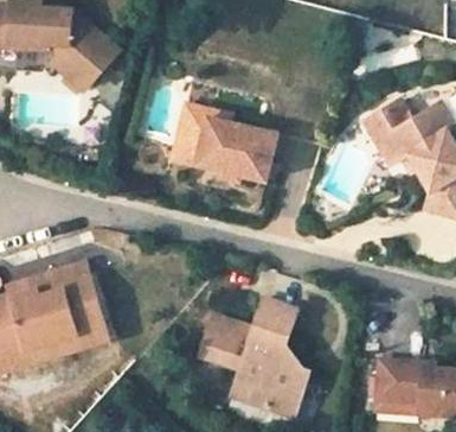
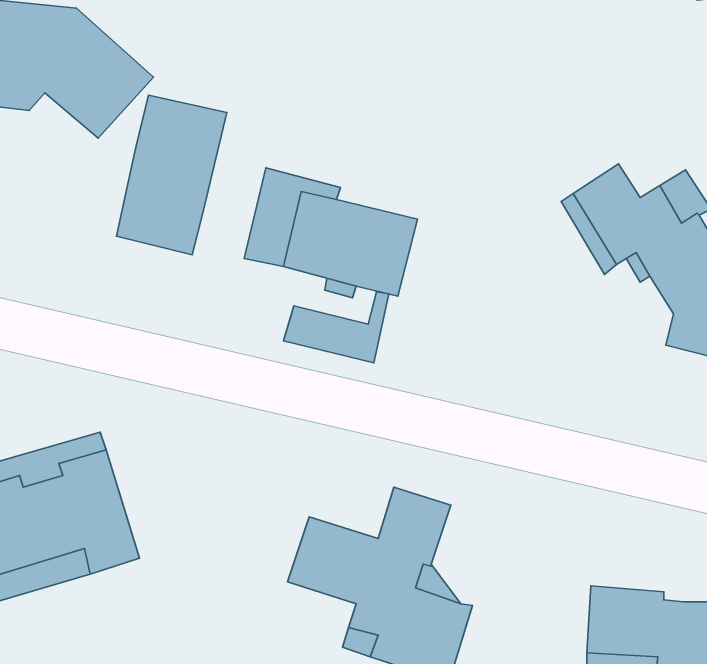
building: none -> [117,95,227,255]
building: none -> [284,292,389,363]

